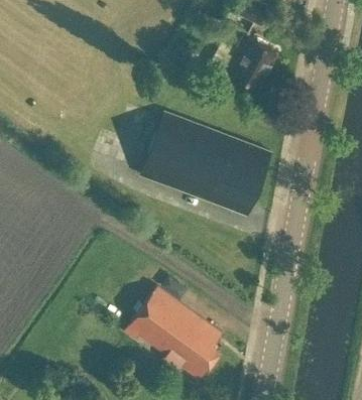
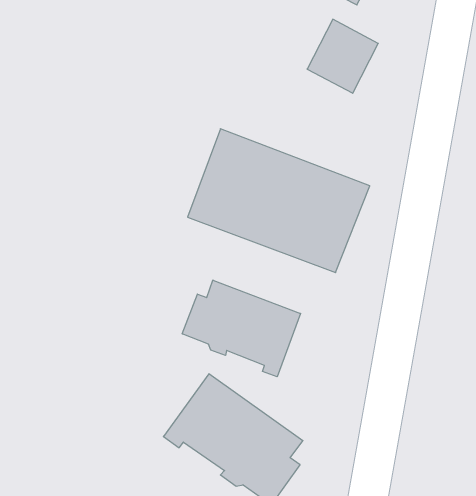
building: none -> [182,280,301,377]

